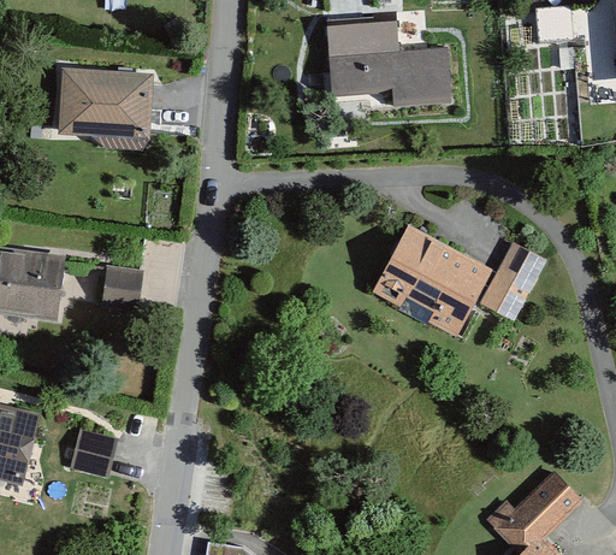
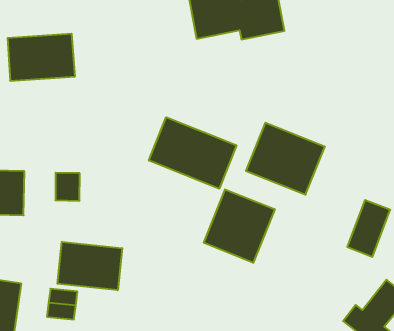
building: none -> [149,117,236,189]
building: [478,240,544,320] -> [347,200,390,257]
building: none -> [204,189,275,263]
building: none -> [58,242,122,290]

